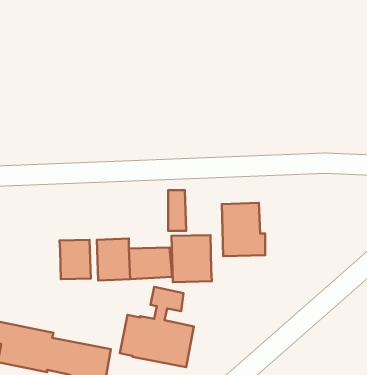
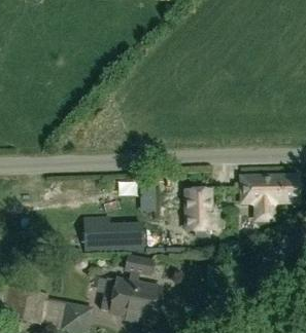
building: none -> [242,175,296,212]
building: [171,235,212,282] -> none
building: [60,240,91,279] -> none

